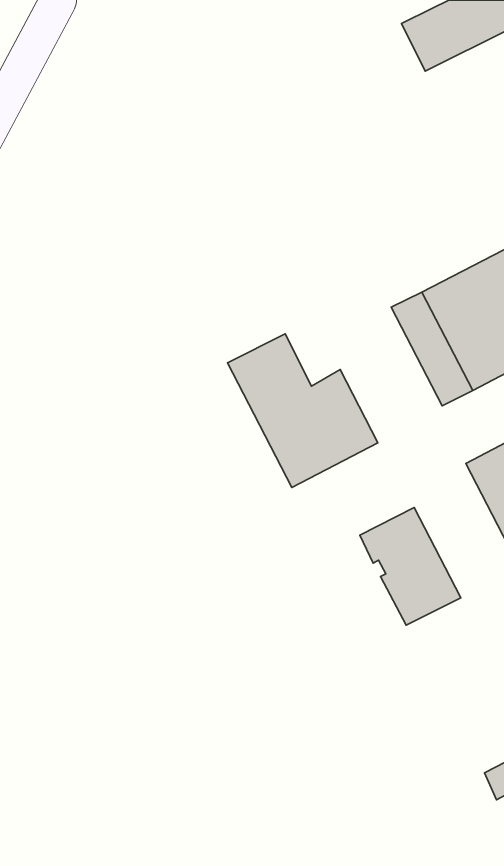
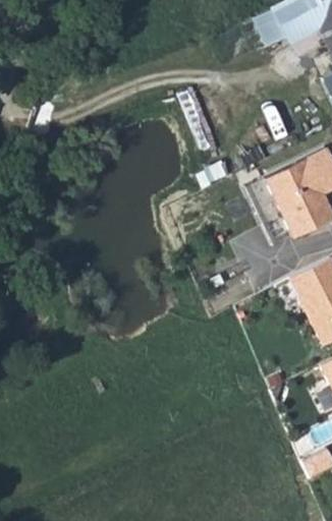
building: [228,334,378,487] -> none
building: [360,507,461,625] -> none

